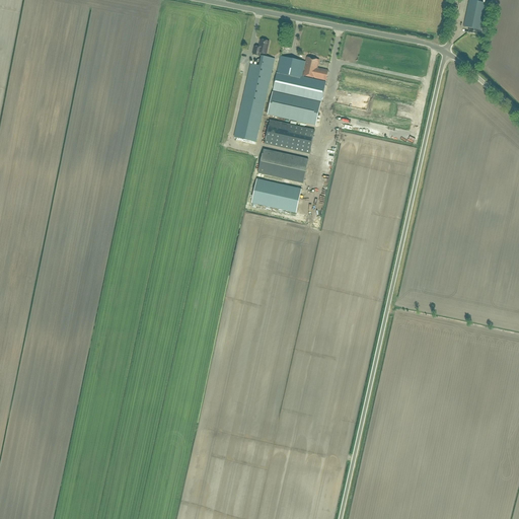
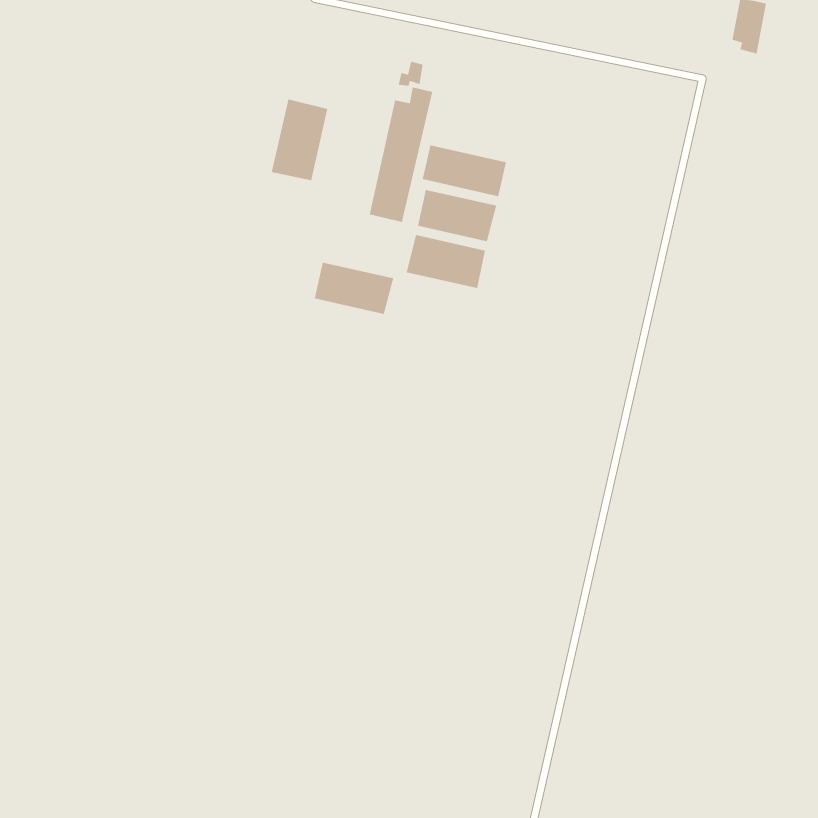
building: [272,56,327,102] -> none
building: none -> [271,99,328,181]
building: [250,178,301,212] -> [314,262,394,315]

